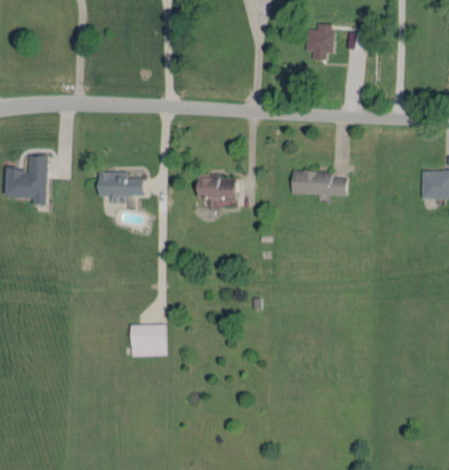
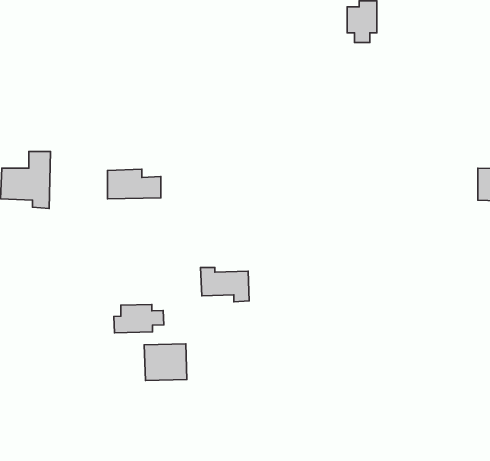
building: [290,170,346,195] -> none
building: [195,174,237,204] -> [201,267,249,302]
building: none -> [114,304,164,333]

